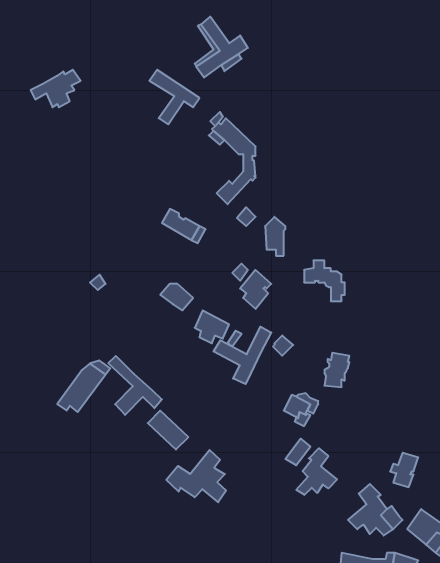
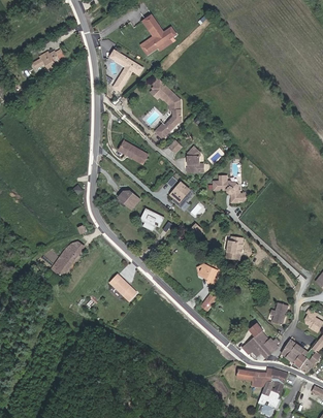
building: [214,327,271,384] -> none
building: [108,356,162,415] -> none
building: [296,448,337,495] -> none
building: [166,450,226,502] -> none

